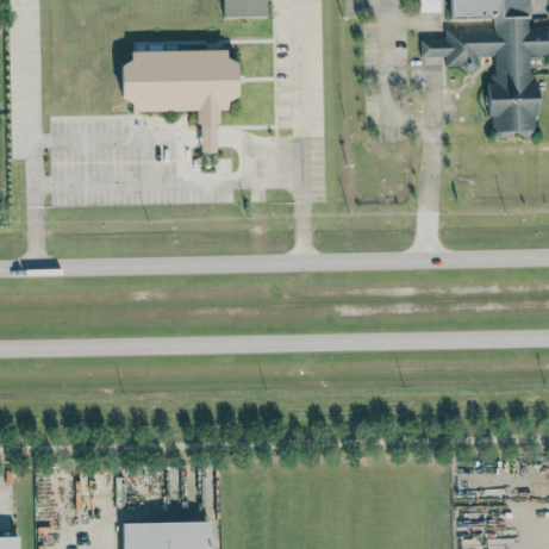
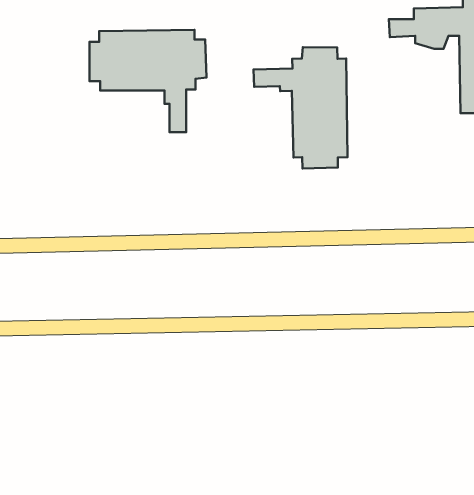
building: none -> [254,47,347,168]

